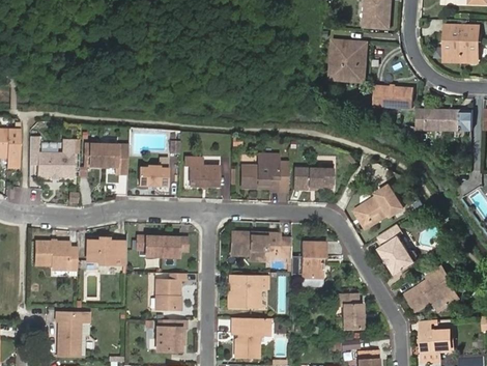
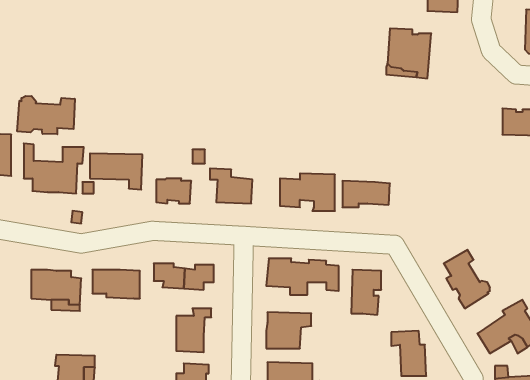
building: [374,84,413,108] -> none
building: none -> [17,96,75,134]
building: [353,185,403,228] -> none

